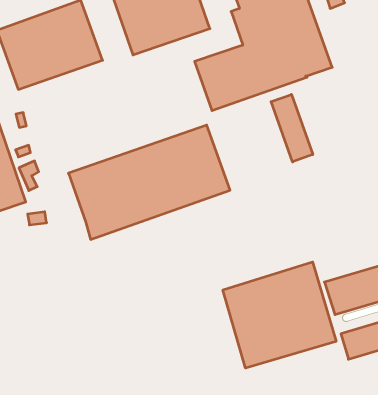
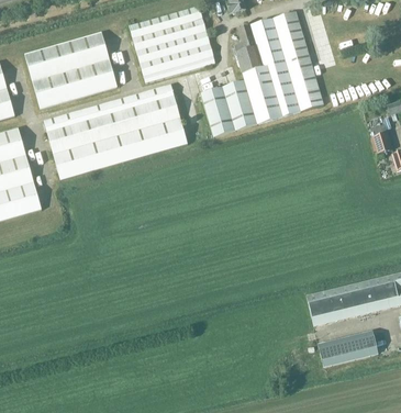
building: [271,94,313,162] -> none
building: [68,125,230,239] -> [44,83,188,180]
building: [223,262,336,368] -> none

